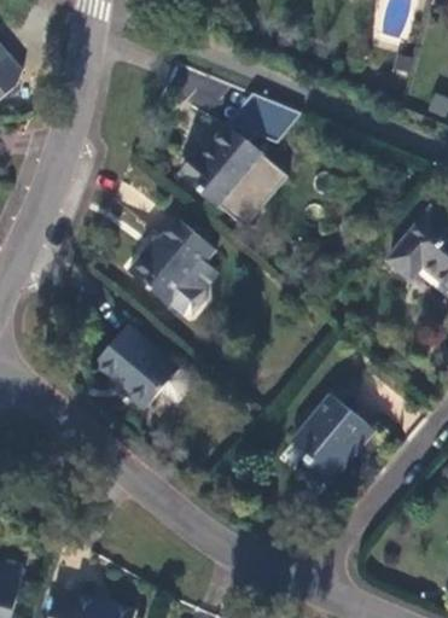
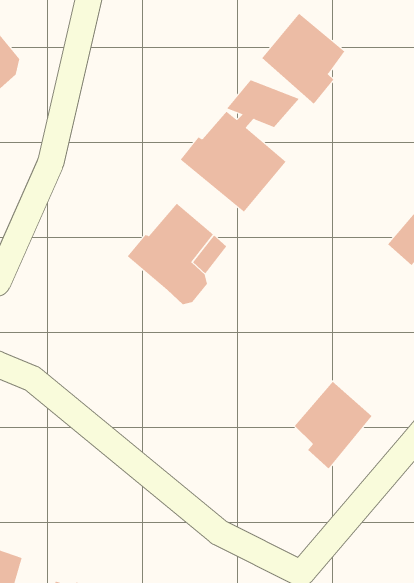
building: none -> [262,13,345,104]
building: [95,326,178,412] -> none

